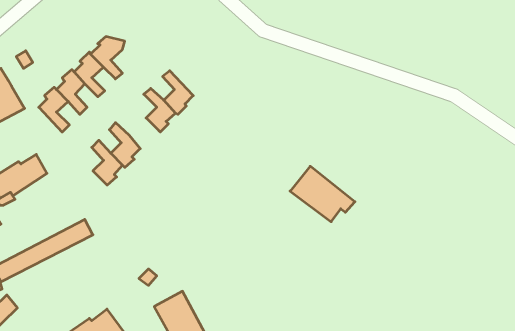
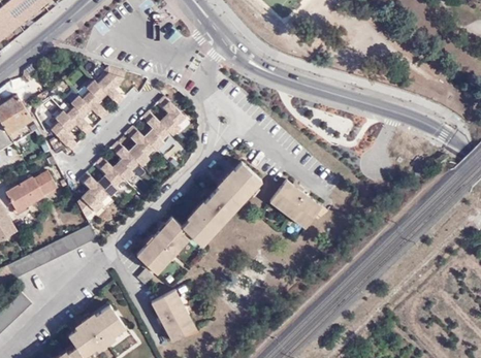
building: none -> [126,126,154,165]
building: none -> [135,162,261,273]
building: none -> [78,172,107,215]

